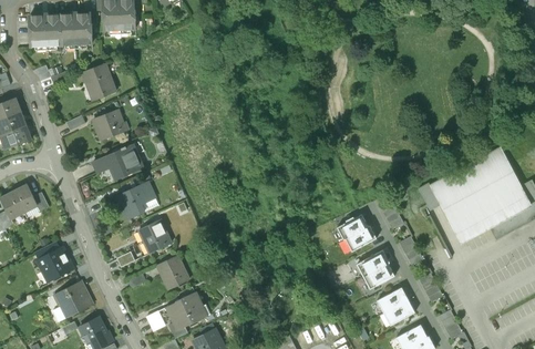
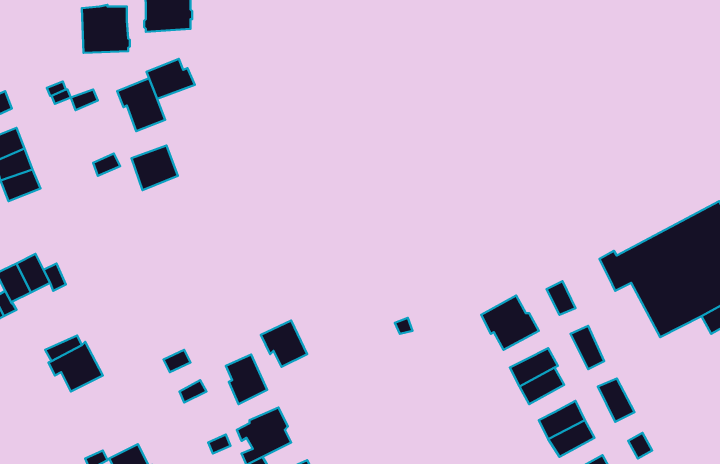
building: [29,14,60,47] -> none
building: none -> [147,59,195,99]
building: [93,145,141,178] -> none
building: [115,181,154,220] -> none
building: [137,219,169,252] -> [261,321,307,367]
building: [52,281,91,321] -> none

